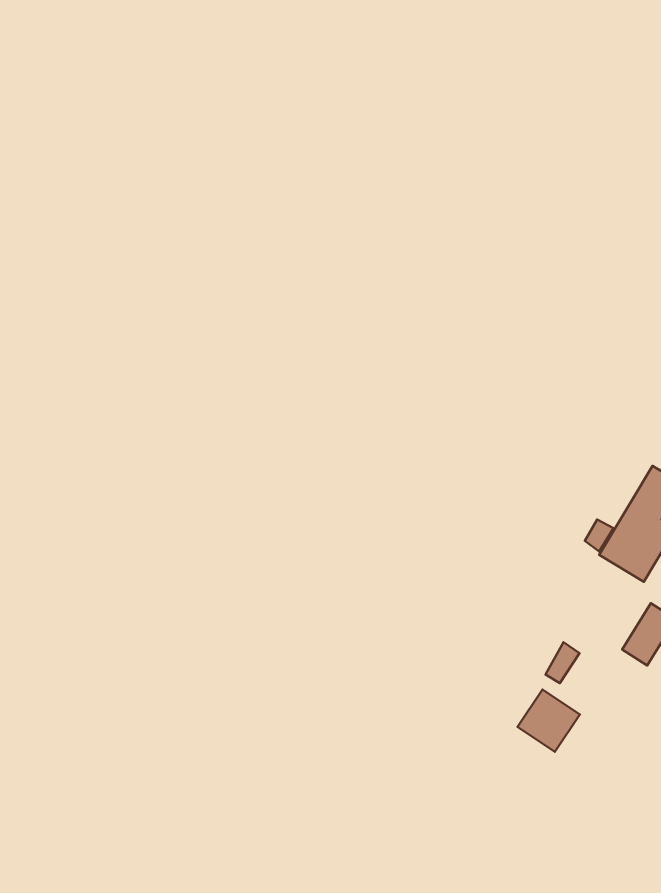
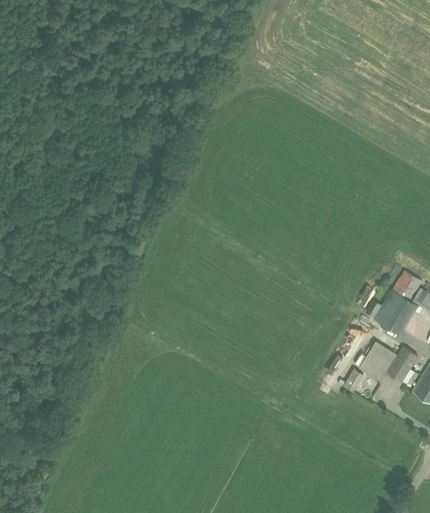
building: [518,689,580,752] -> [358,347,393,382]

